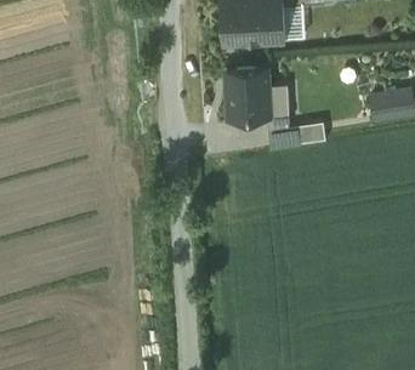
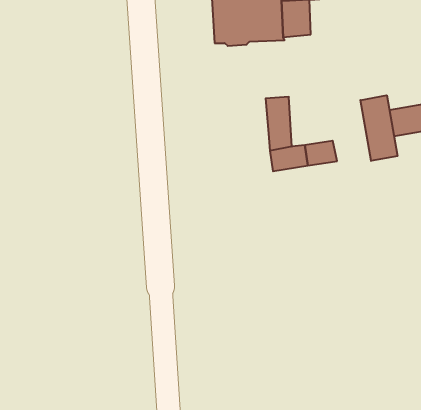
building: [223,68,266,119] -> none
building: none -> [360,95,397,161]

